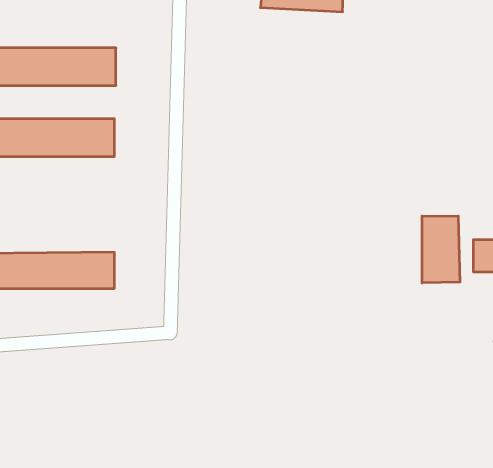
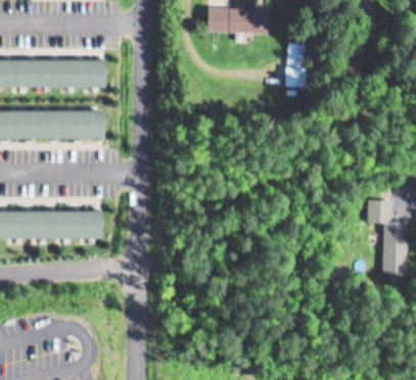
building: none -> [287,42,308,87]
building: [422,216,460,283] -> none

